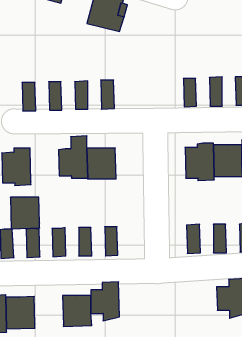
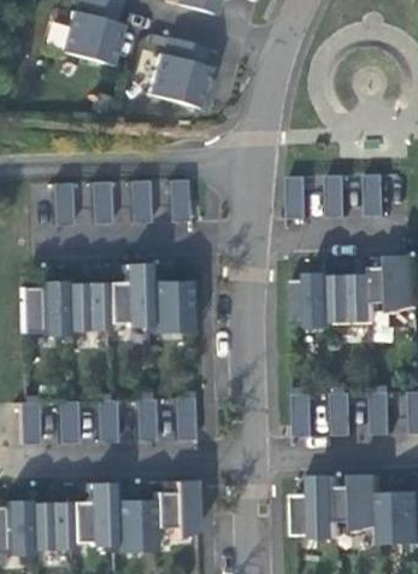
building: [10,197,40,229] -> [63,283,106,330]
building: none -> [299,478,341,539]
building: none -> [69,482,112,545]

